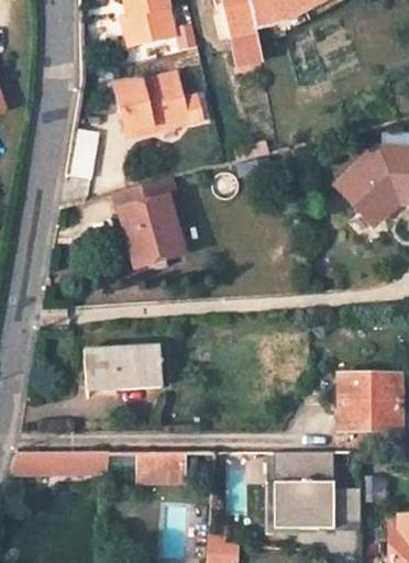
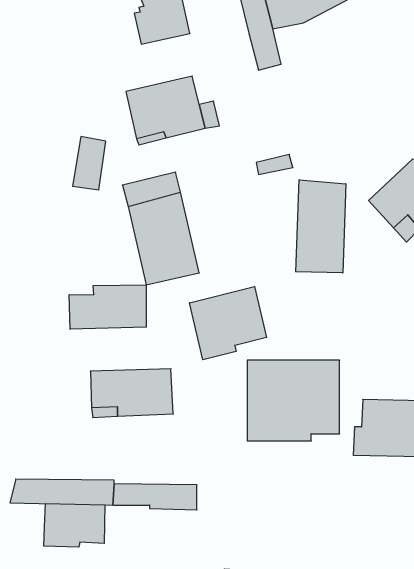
building: none -> [296,180,346,273]
building: none -> [69,285,146,329]
building: none -> [190,286,267,360]
building: [272,452,357,527] -> [247,360,340,441]
building: none -> [44,504,105,547]

